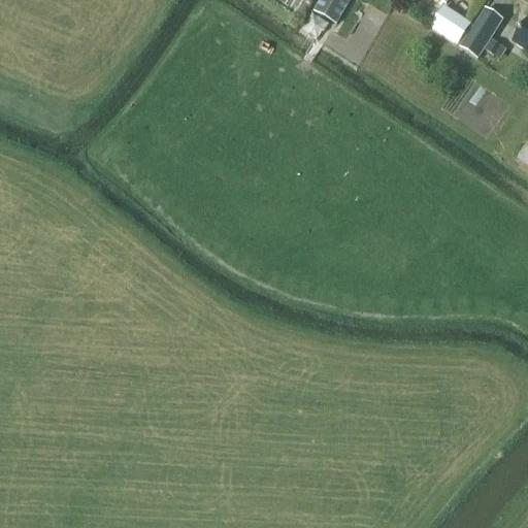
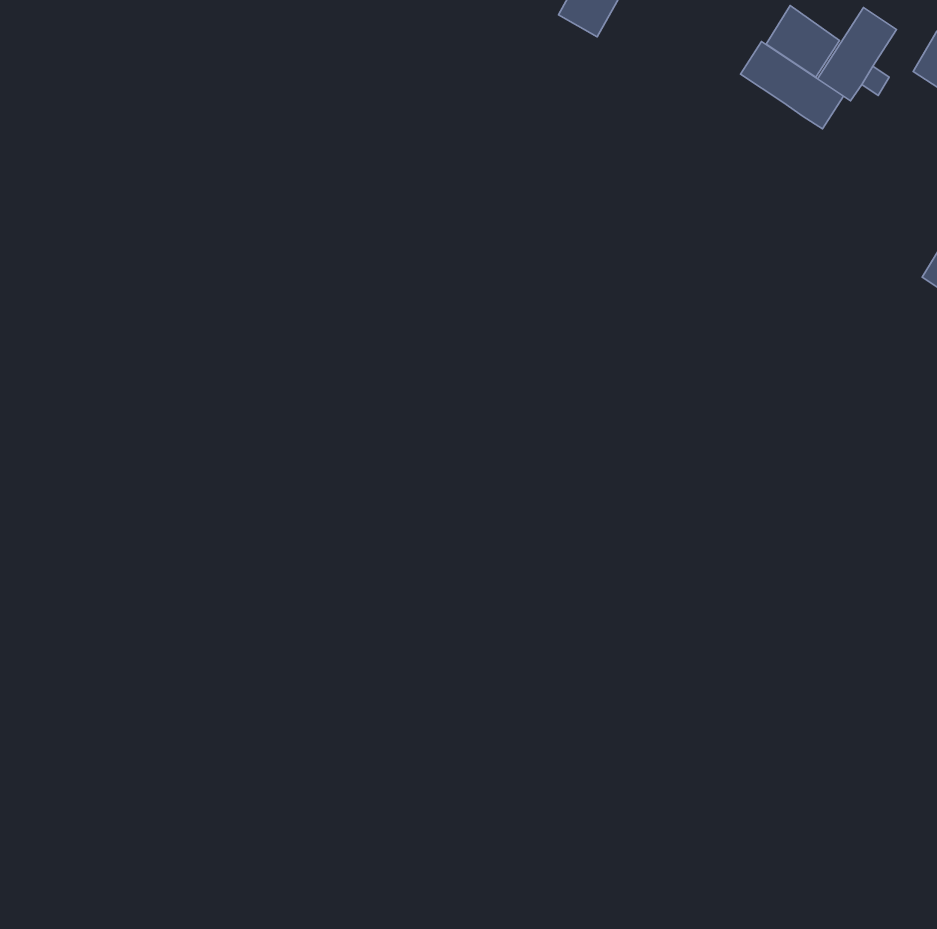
building: none -> [740,42,843,129]

